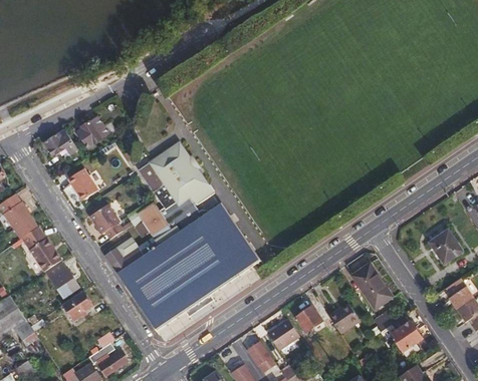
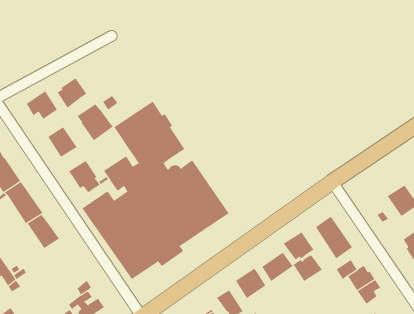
building: none -> [77,103,113,141]
building: none -> [283,231,314,261]
building: [61,291,91,321] -> none

